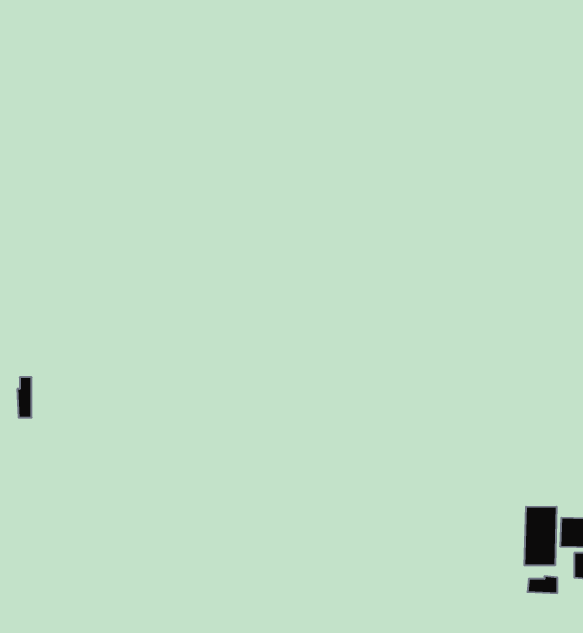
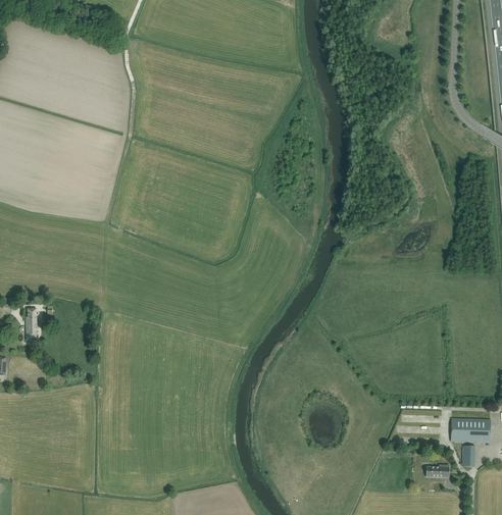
building: [524,507,557,565] -> none

